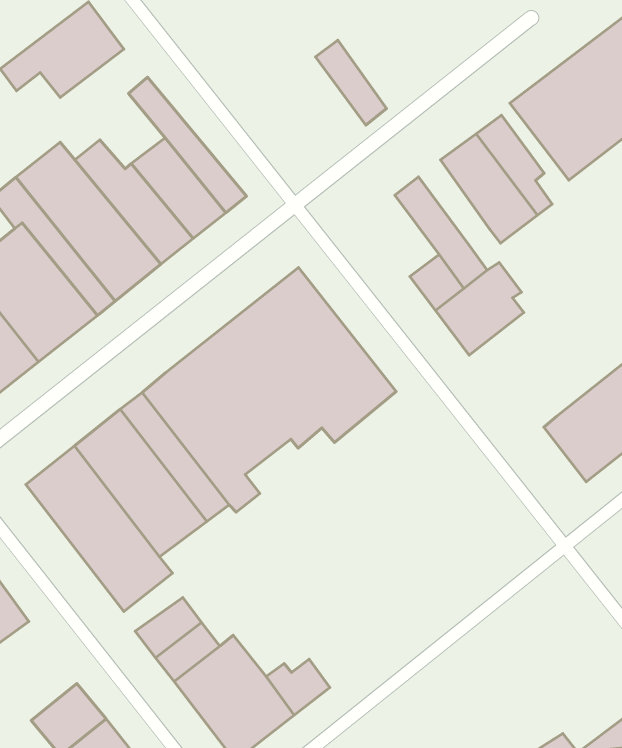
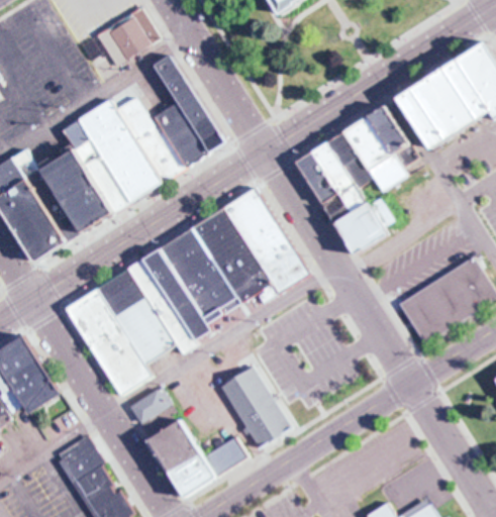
building: [316,40,387,125] -> [333,130,375,186]
building: none -> [296,149,341,202]
building: none -> [216,366,288,448]

